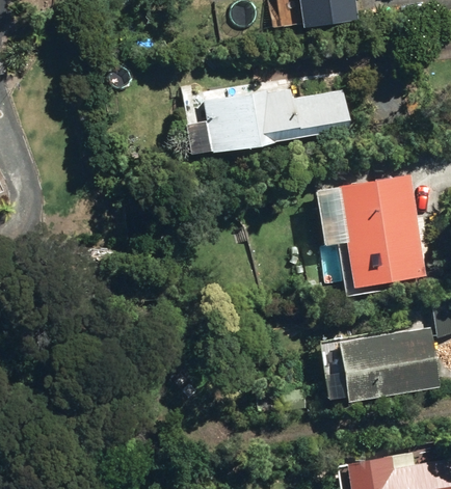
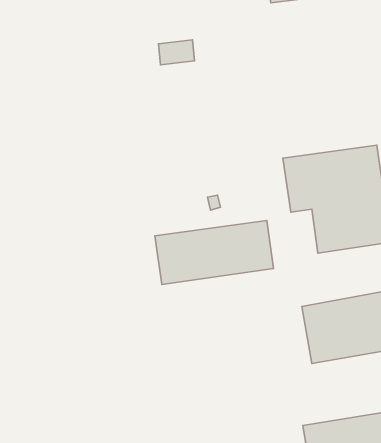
building: [188,88,348,155] -> none
building: none -> [155,221,274,285]

